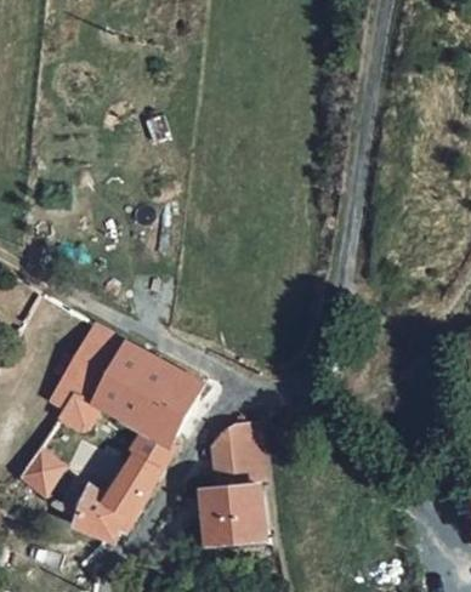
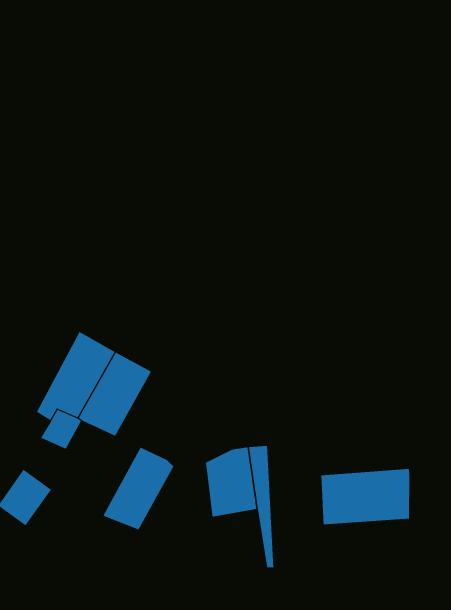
building: [121,358,199,440] -> none
building: none -> [321,468,410,525]
building: [75,485,143,535] -> none
building: [204,486,262,547] -> none

